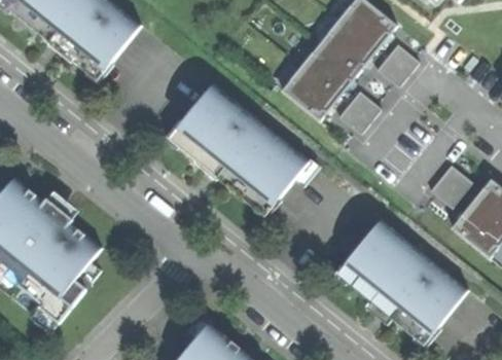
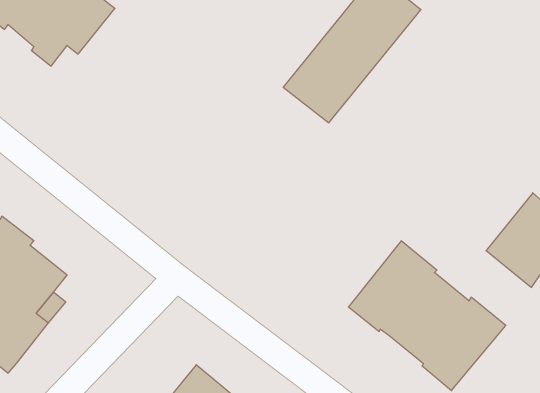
building: [377,43,419,87] -> none
building: [178,82,309,208] -> none
building: [338,91,381,134] -> none
building: [430,165,472,208] -> none

